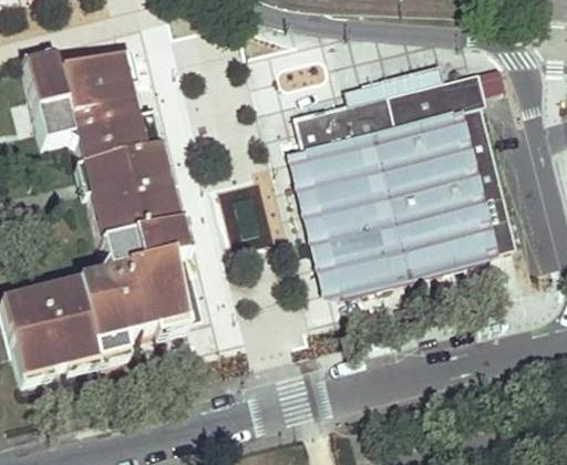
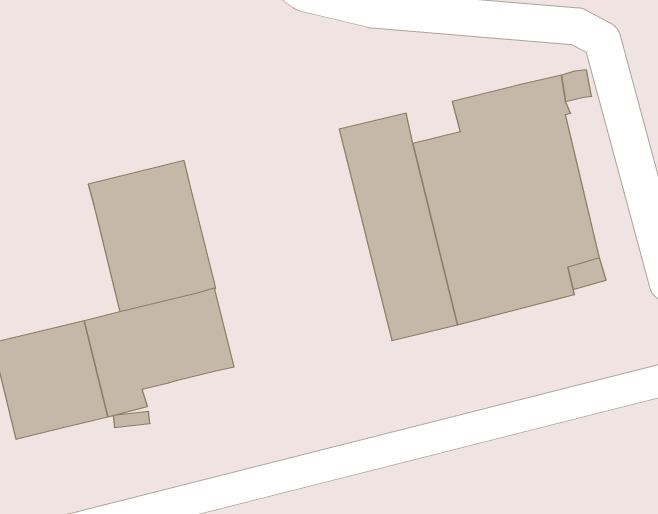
building: [20,52,157,164] -> none
building: [344,94,390,130] -> none

